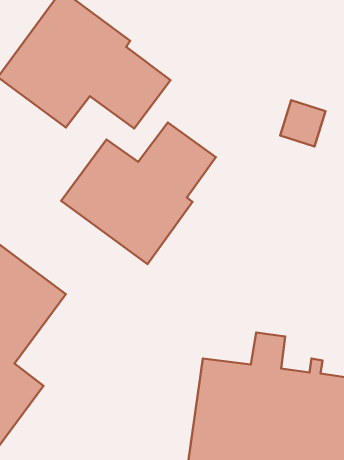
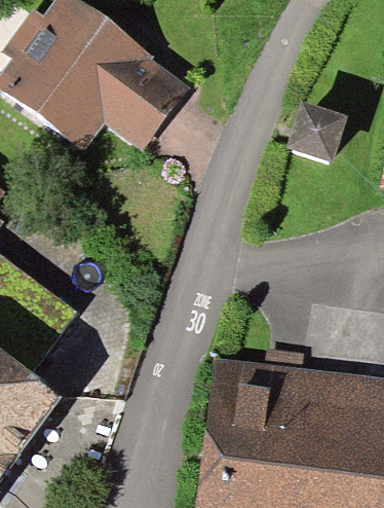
building: [61,122,216,264] -> none

